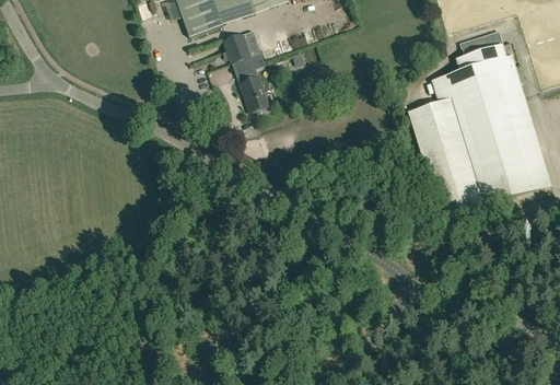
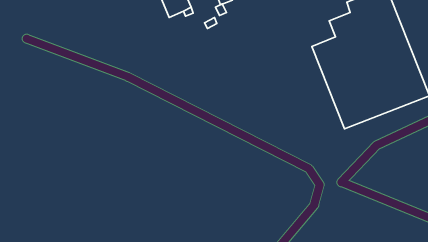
building: [237,68,268,113] -> none

